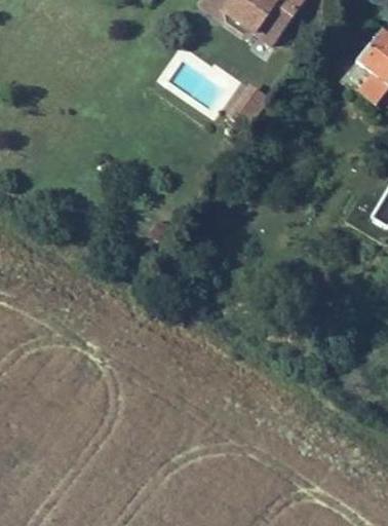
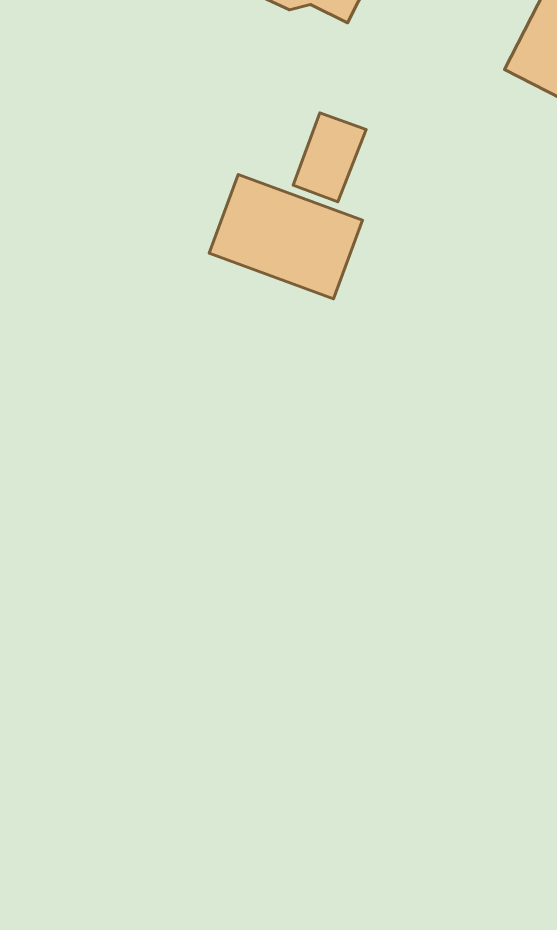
building: none -> [209,174,363,299]

